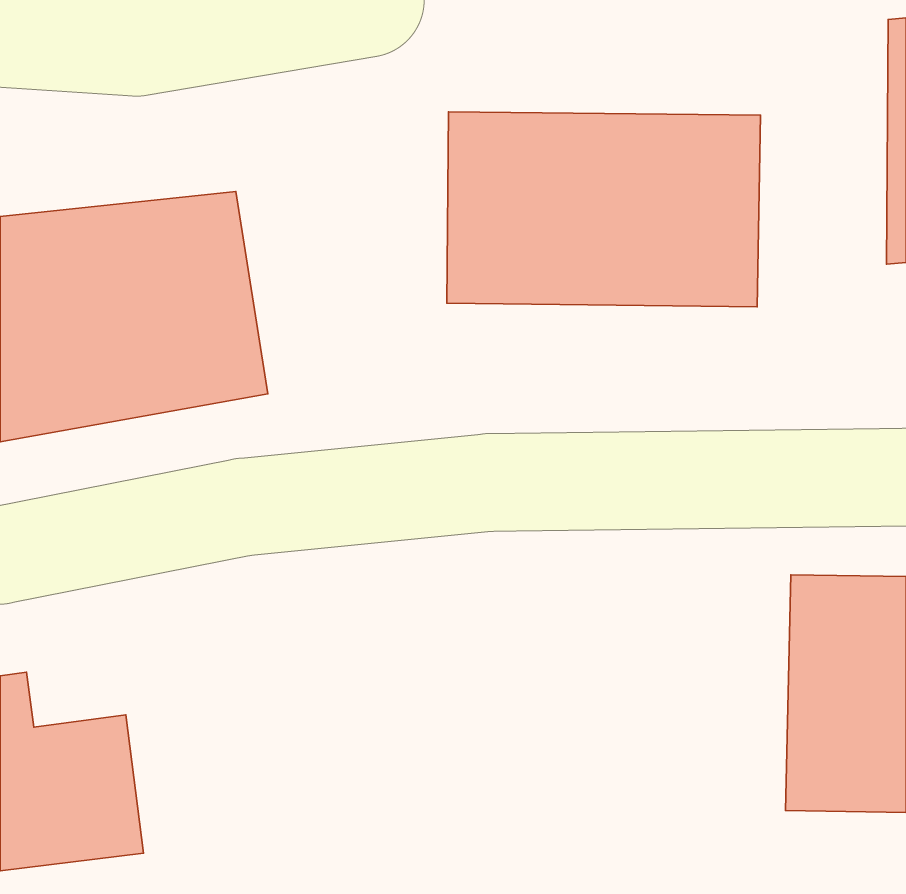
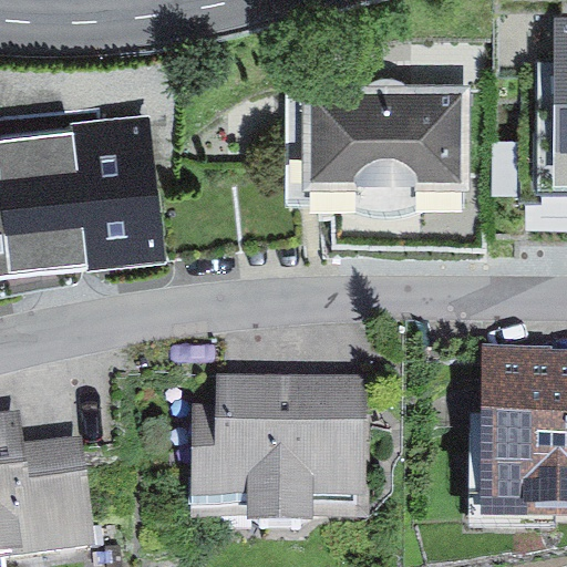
building: none -> [199,394,360,499]

